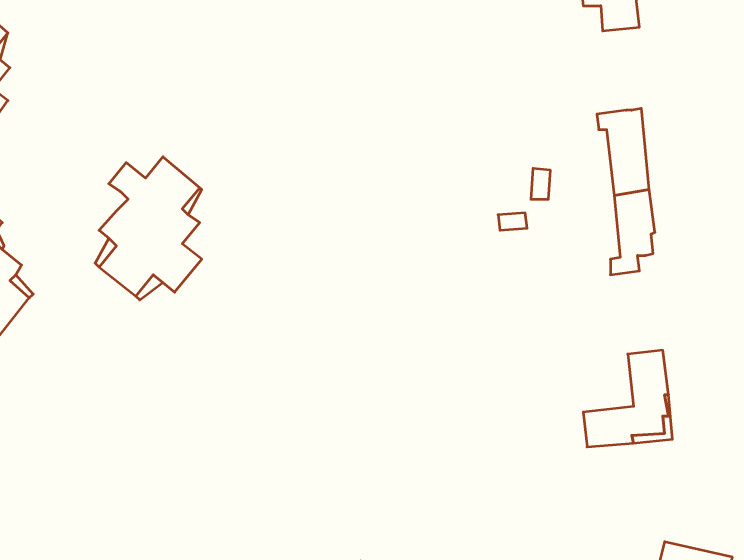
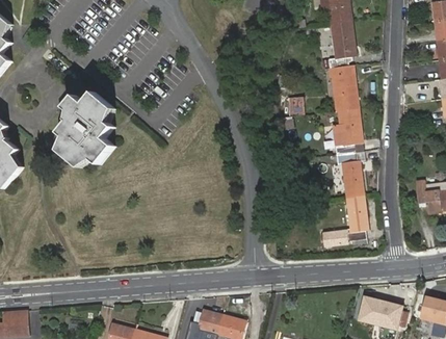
building: none -> [327,21,355,68]
building: none -> [336,152,364,197]

